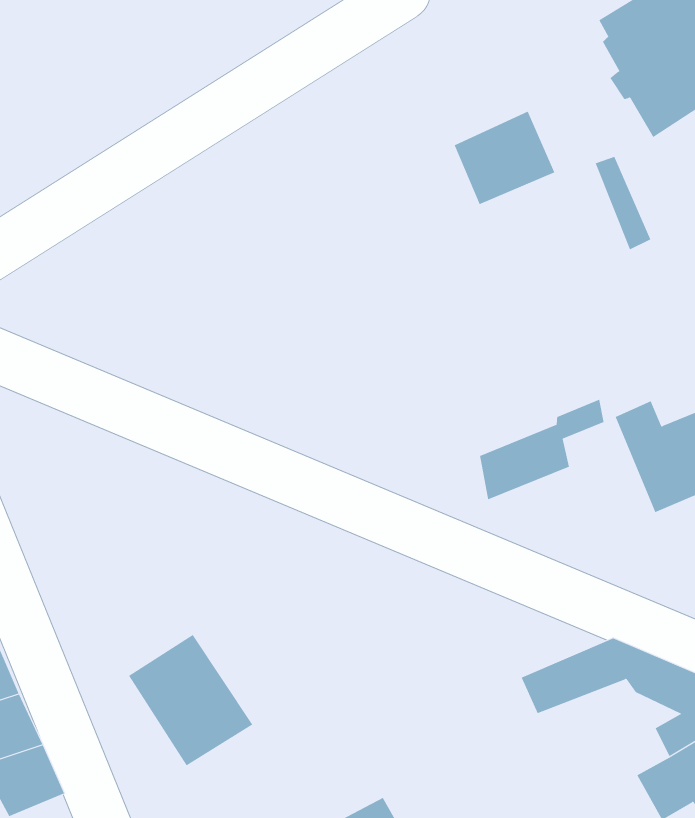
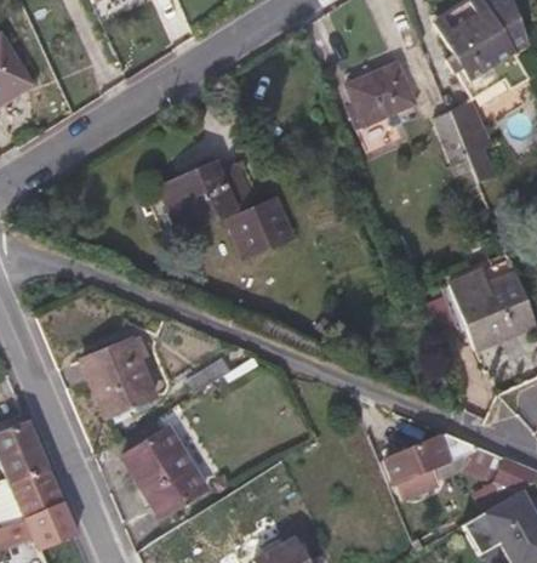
building: none -> [449,98,495,177]
building: none -> [147,159,280,251]
building: [479,399,604,500] -> none
building: none -> [80,337,154,415]

